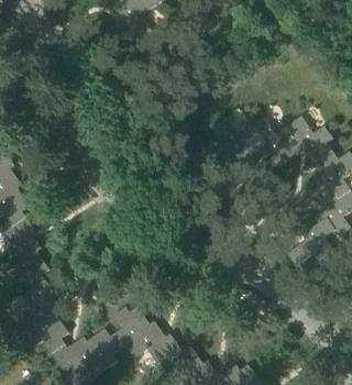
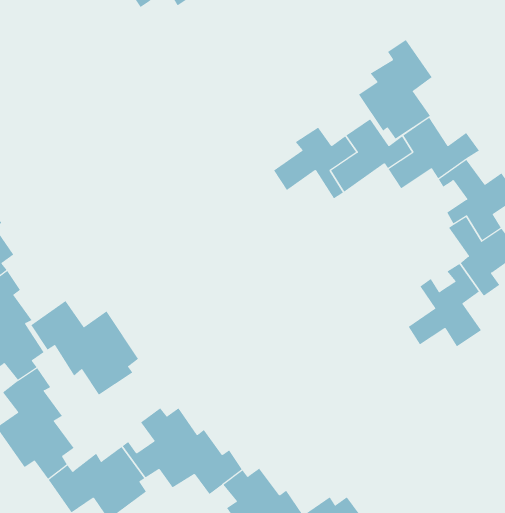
building: none -> [358,39,432,139]
building: none -> [31,300,139,396]

